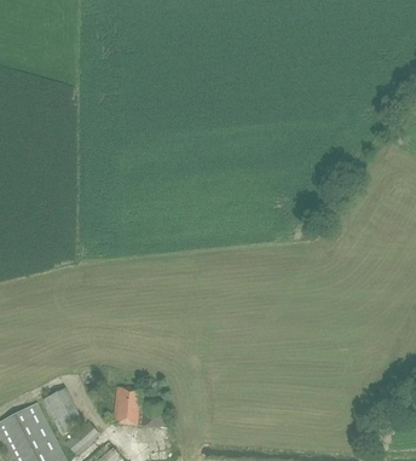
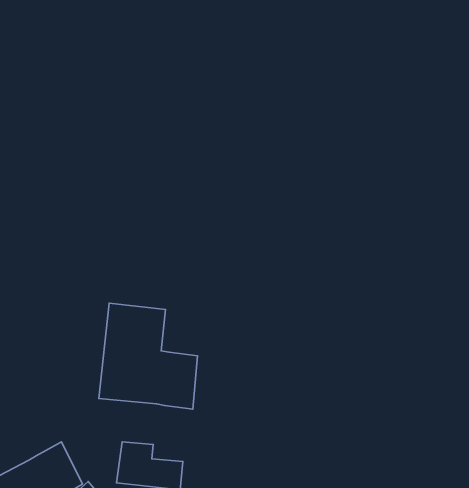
building: none -> [99,303,198,409]

